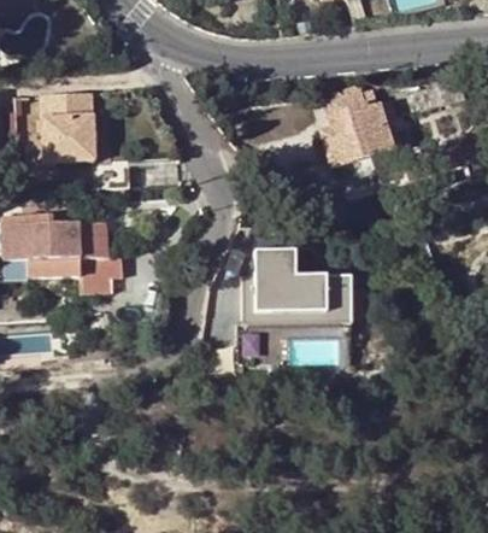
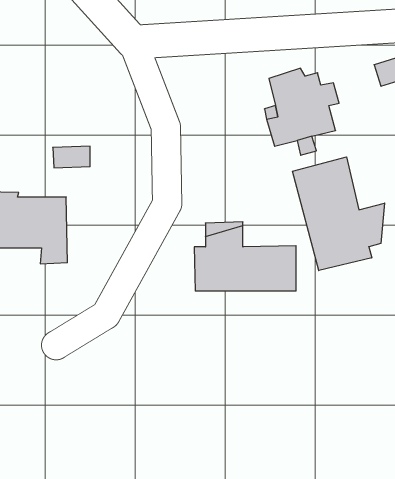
building: [42,92,93,159] -> none
building: none -> [292,157,385,271]

